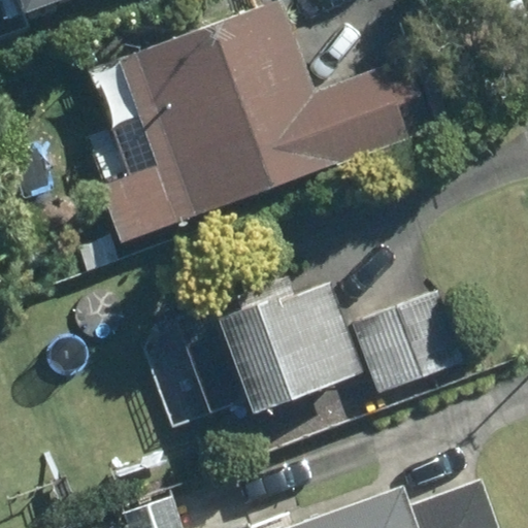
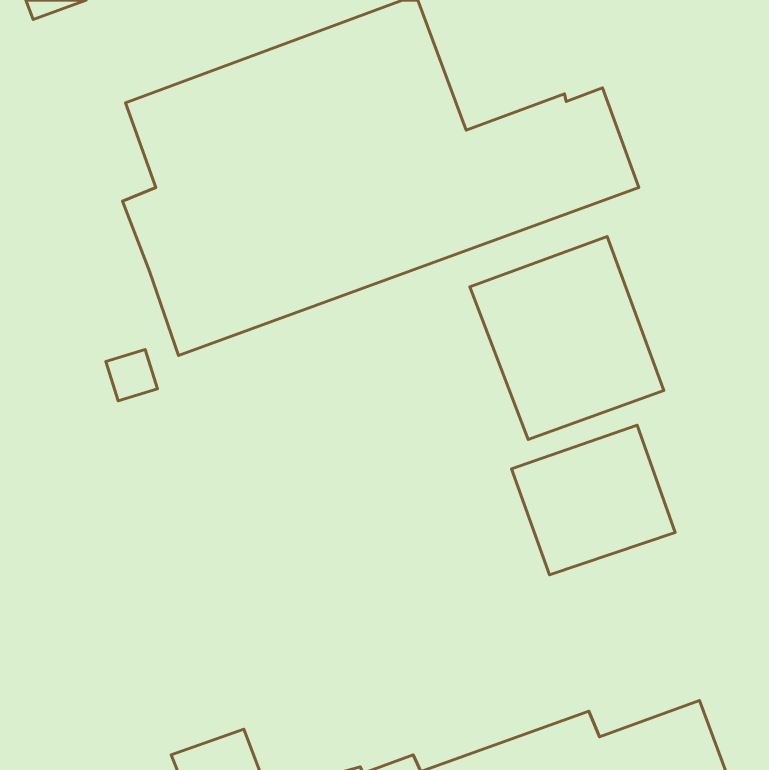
building: none -> [470,237,664,440]
building: [172,279,360,418] -> none

